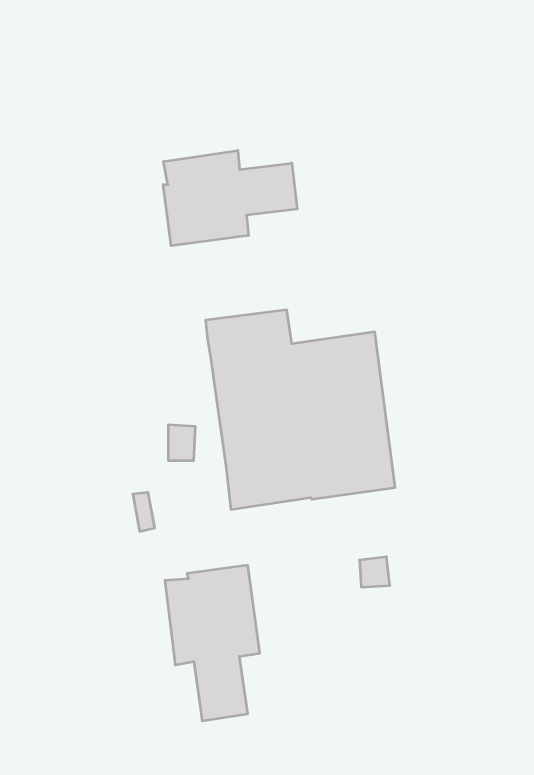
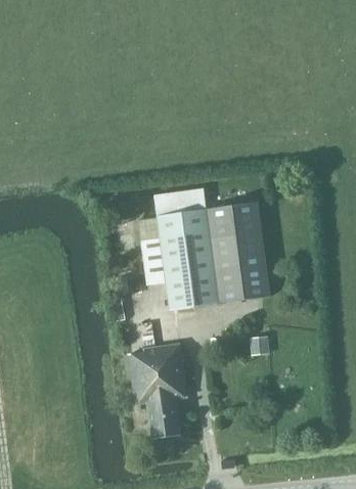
building: [163,150,297,246] -> none

